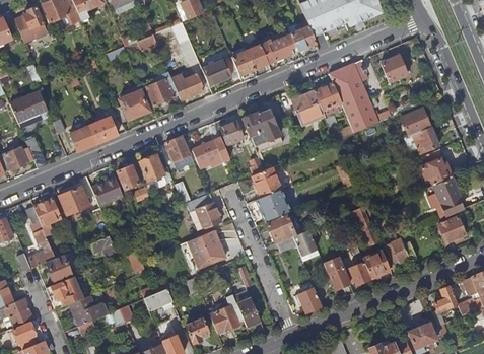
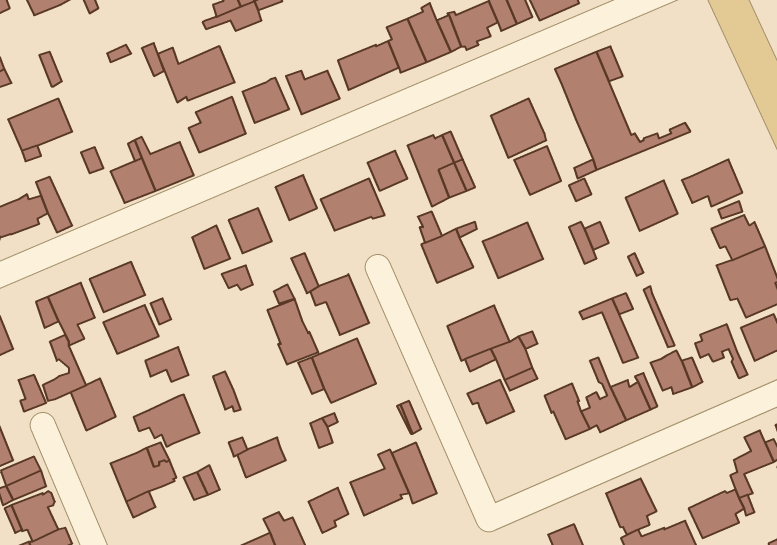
building: [382,56,408,83] -> none
building: none -> [158,46,235,103]
building: [315,83,342,112] -> [514,146,561,195]
building: [401,108,431,137] -> [626,180,678,231]
building: [91,178,124,206] -> [103,305,159,354]
building: [256,190,291,222] -> [482,223,543,278]
building: none -> [268,299,318,365]
building: none -> [695,324,748,378]
building: [47,276,85,306] -> [134,395,200,447]
building: [295,289,323,314] -> [467,380,514,423]
building: none -> [606,478,656,535]

